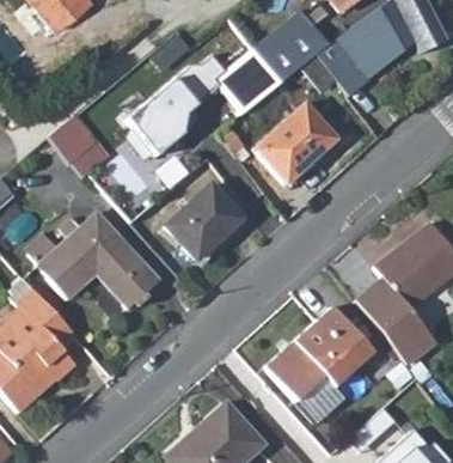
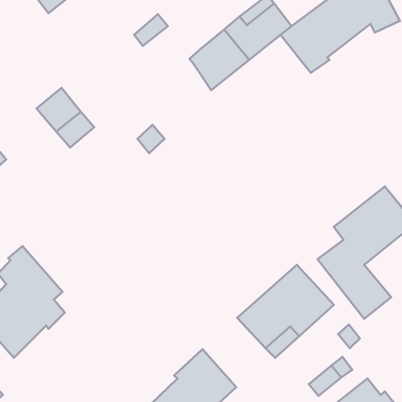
building: [134,53,226,150] -> none
building: [252,103,333,181] -> none
building: [166,183,239,256] -> none
building: [25,212,159,310] -> none

